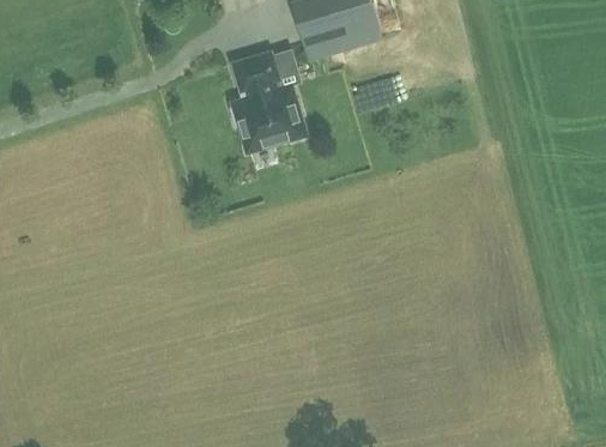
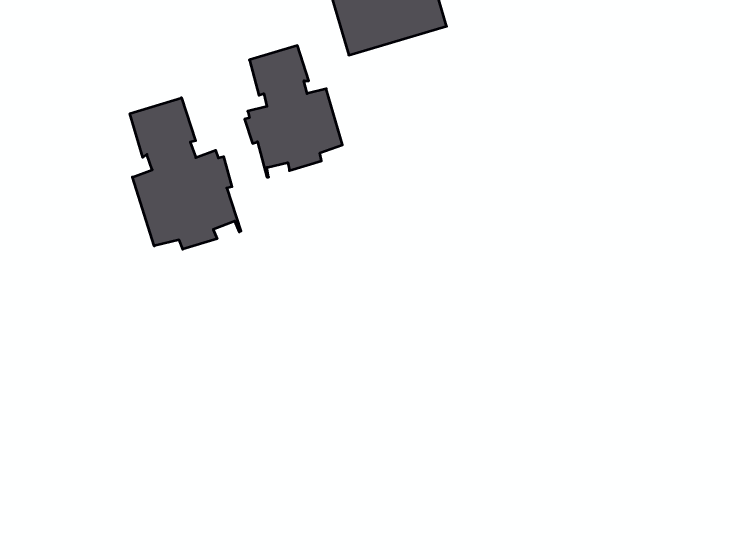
building: none -> [130,98,241,249]

